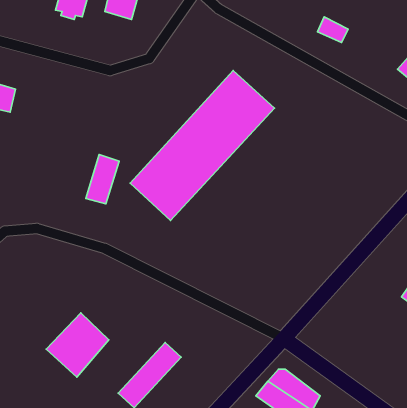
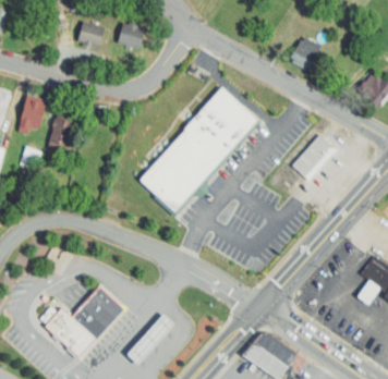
building: none -> [289,134,334,180]
building: [86,154,119,204] -> [48,109,75,149]
building: none -> [44,307,95,357]

